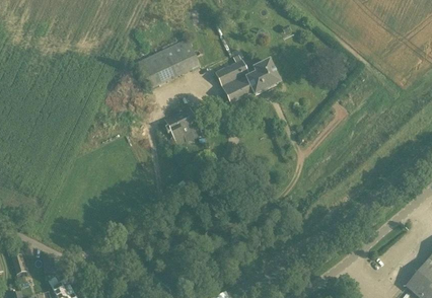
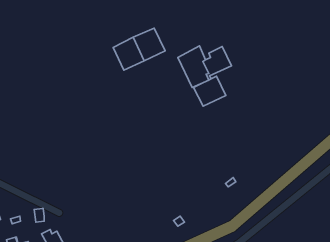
building: none -> [194,76,226,106]
building: [165,106,202,144] -> none

